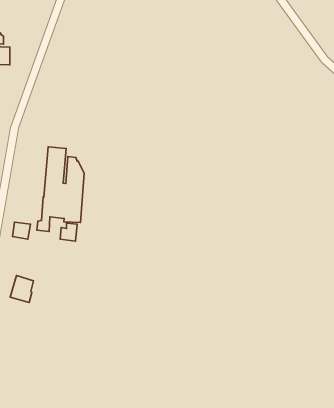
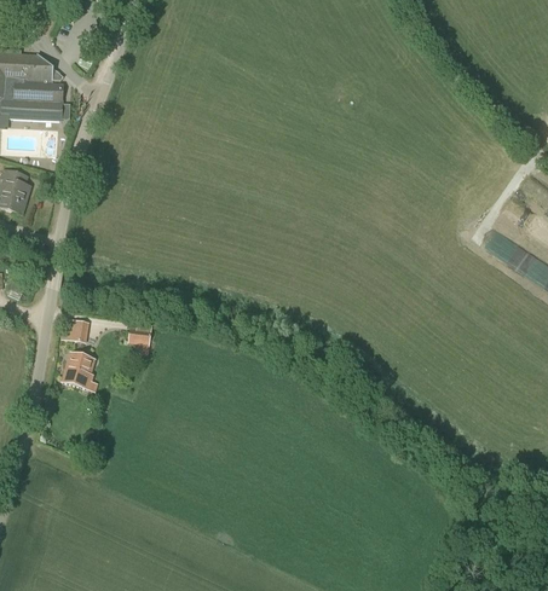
building: [37,147,84,232] -> none
building: [10,275,34,302] -> [62,353,93,389]

